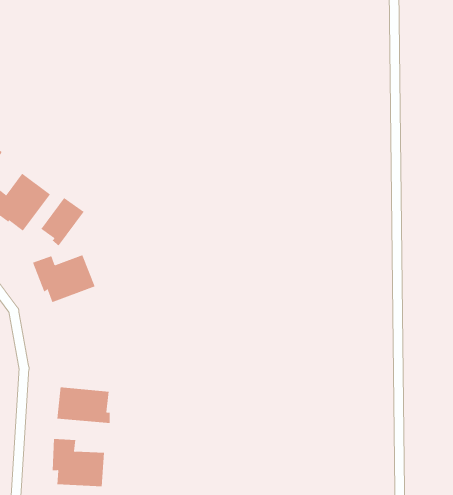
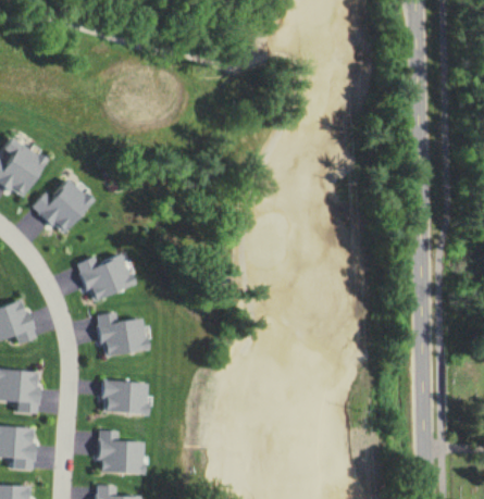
building: [41,197,85,247] -> none
building: none -> [97,312,151,355]

